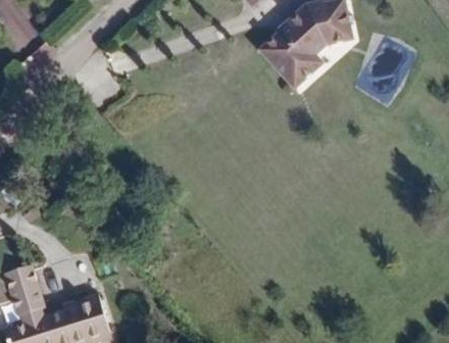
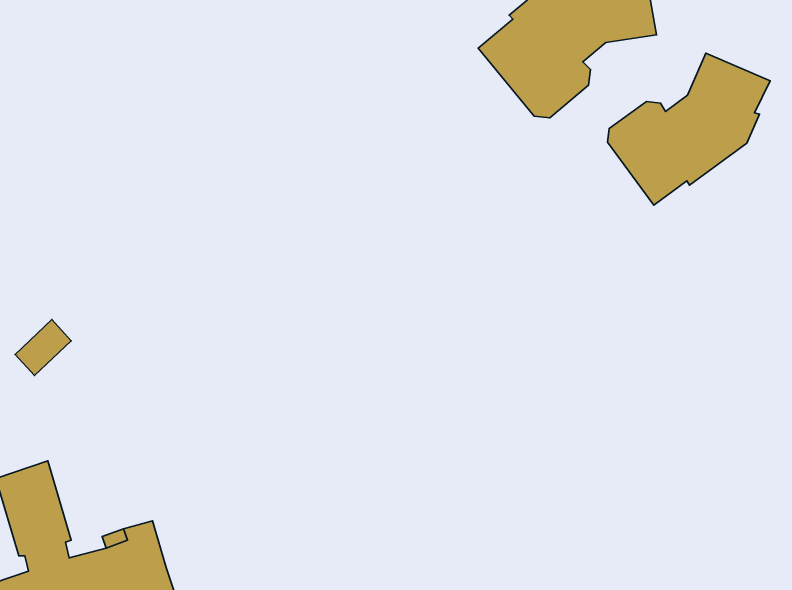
building: none -> [607,53,770,205]

